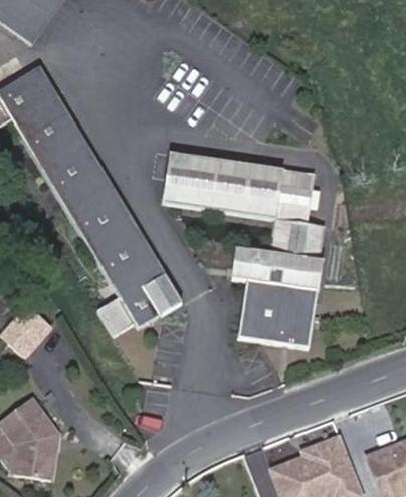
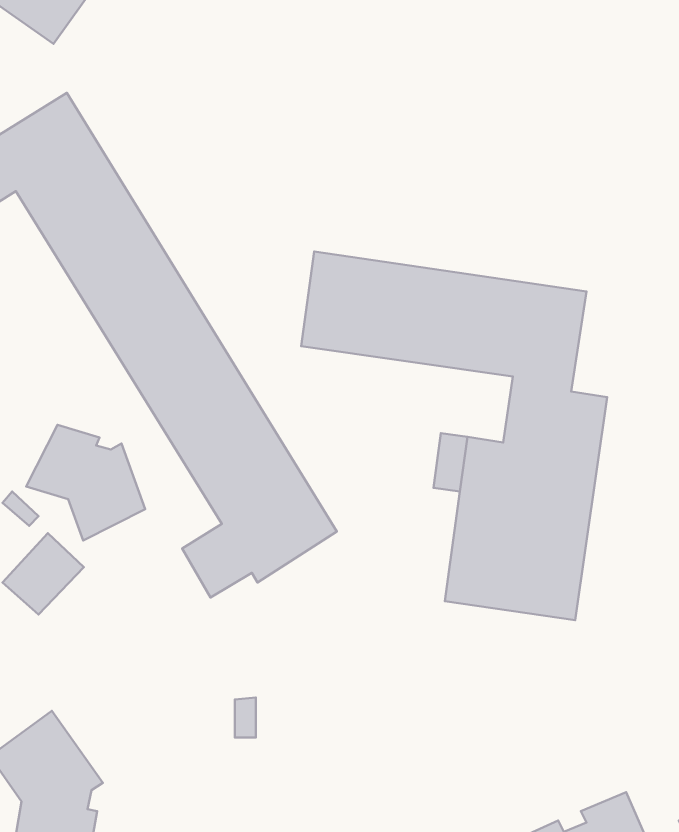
building: none -> [26,425,145,541]

